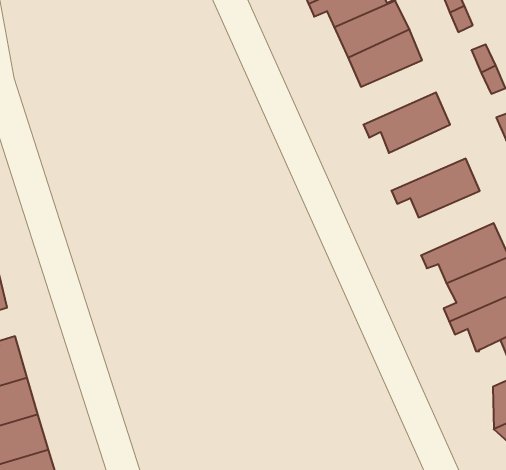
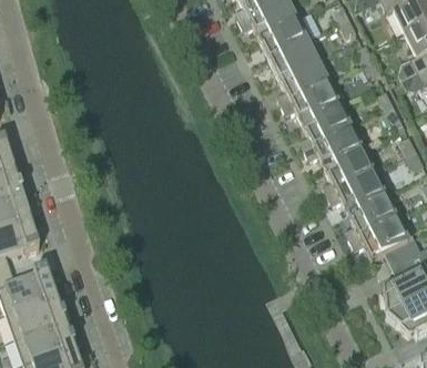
building: none -> [276,57,332,104]
building: none -> [299,101,355,150]
building: none -> [323,146,377,194]

